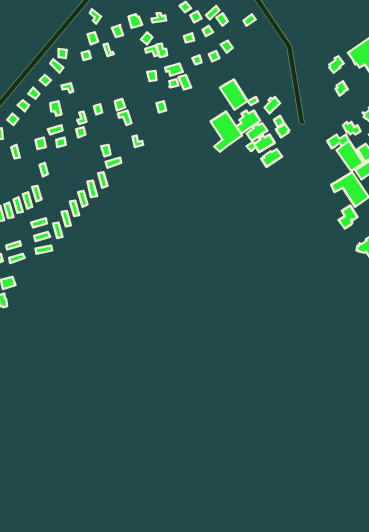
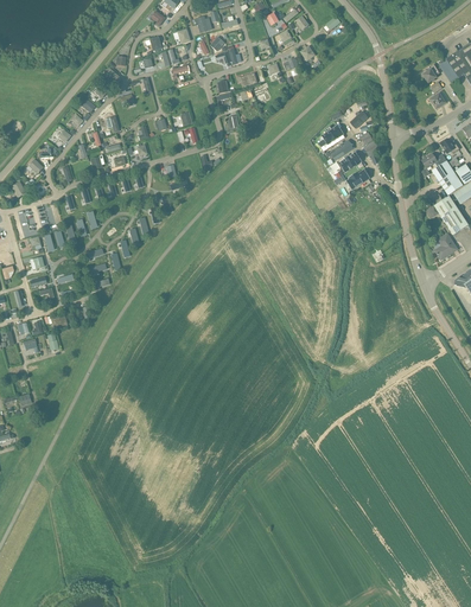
building: [220,80,248,110] -> none
building: [210,111,242,152] -> none

